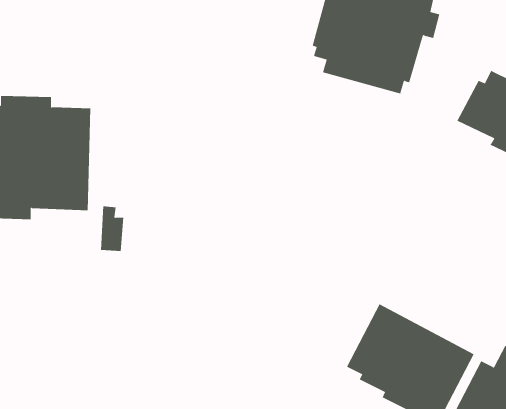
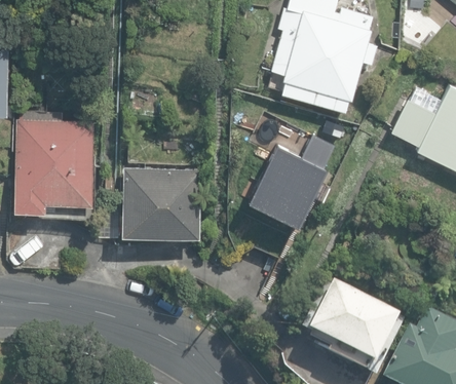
building: none -> [246,143,325,223]
building: none -> [121,166,201,238]

